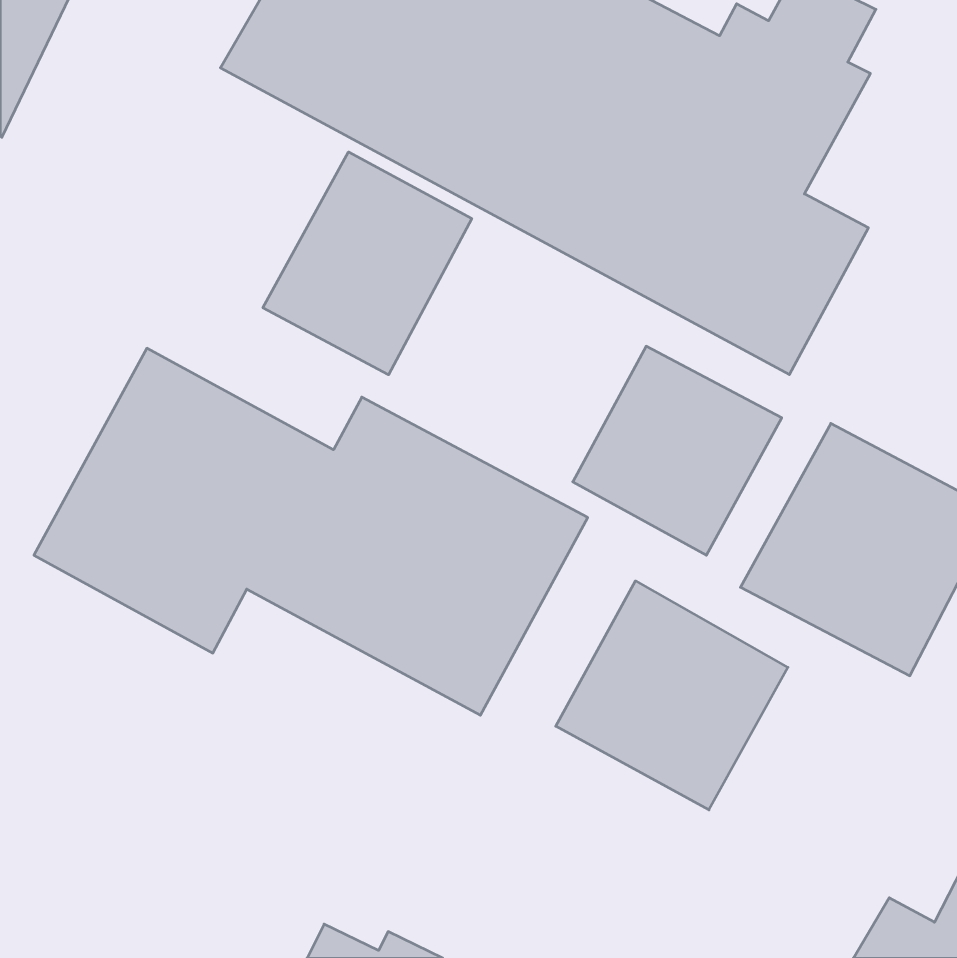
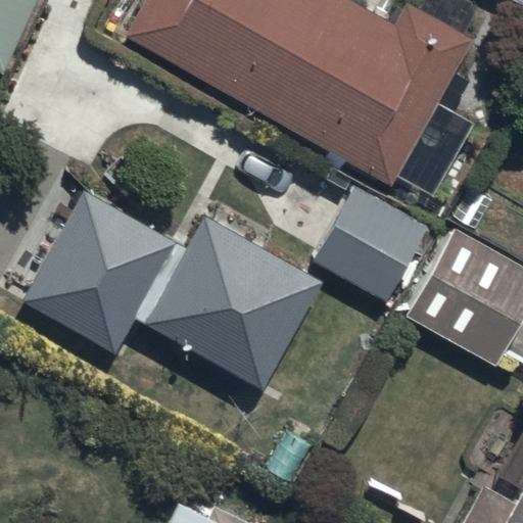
building: [263,152,472,375] -> none
building: [556,581,788,810] -> none

